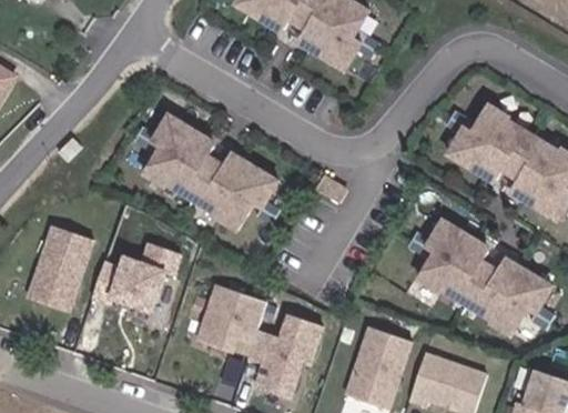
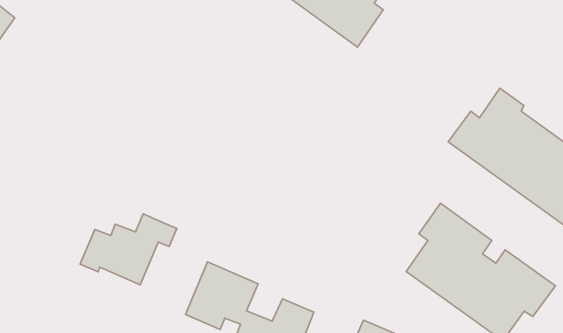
building: [122,103,264,228] -> none
building: [38,232,99,313] -> none

